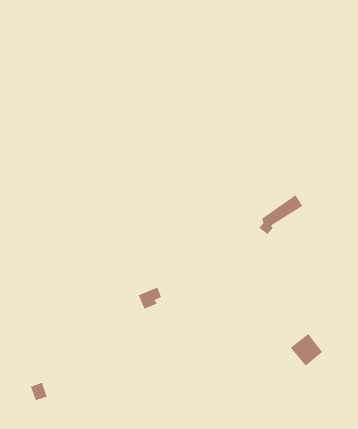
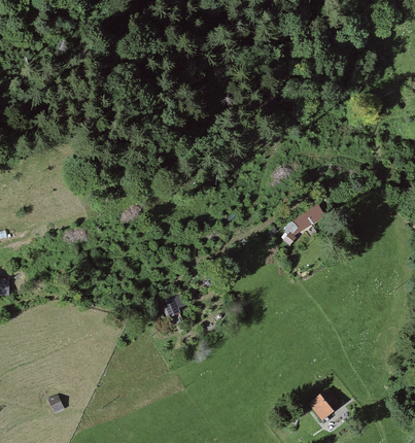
building: [290,333,323,366] -> [311,389,344,422]

